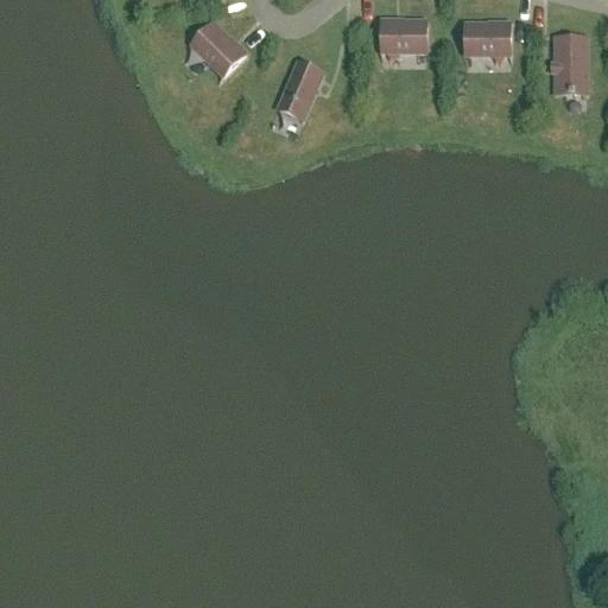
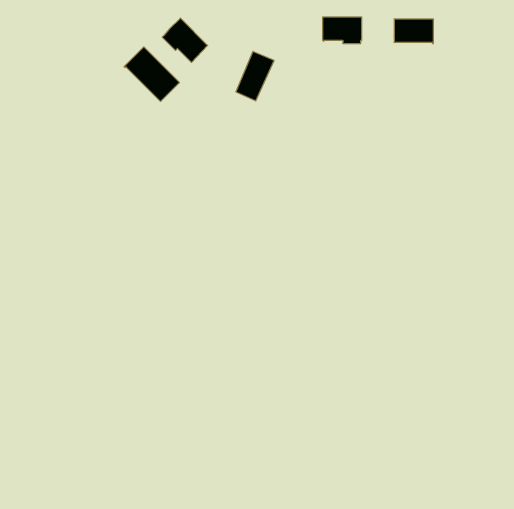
building: [551,36,587,93] -> none
building: none -> [124,47,179,101]

